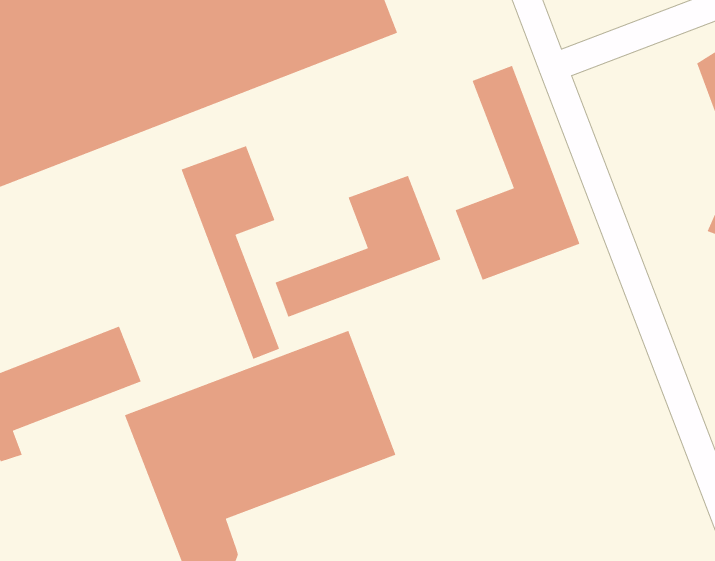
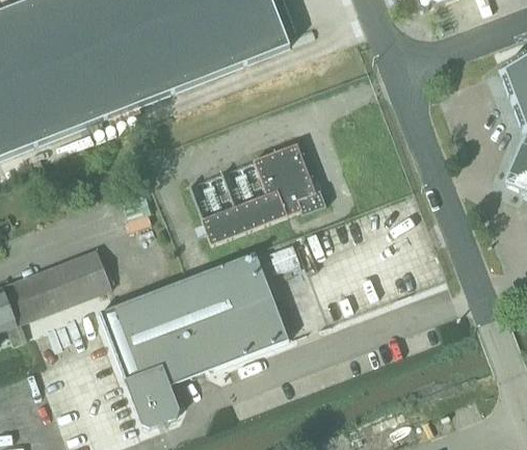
building: [455,65,580,281] -> none
building: [181,145,280,360] -> none

